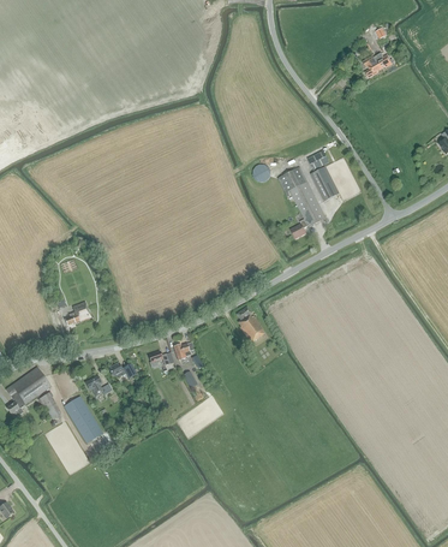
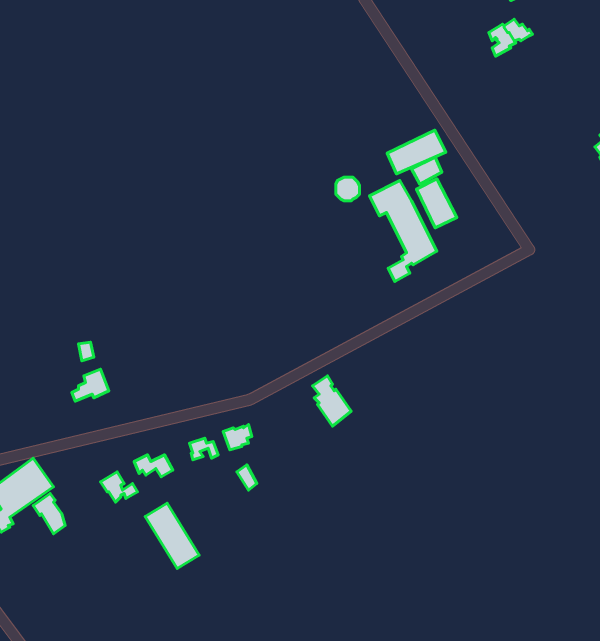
building: none -> [387,130,446,174]
building: [64,394,102,441] -> [145,503,199,569]

